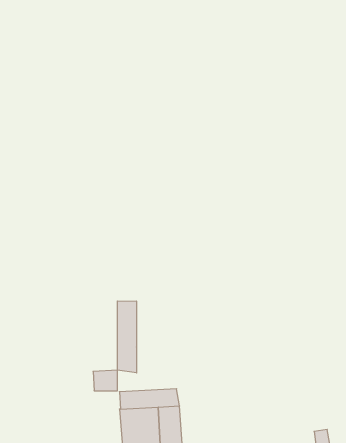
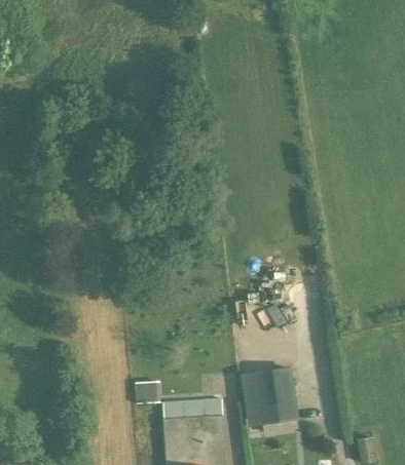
building: [117,301,137,373] -> none
building: none -> [252,366,296,424]

